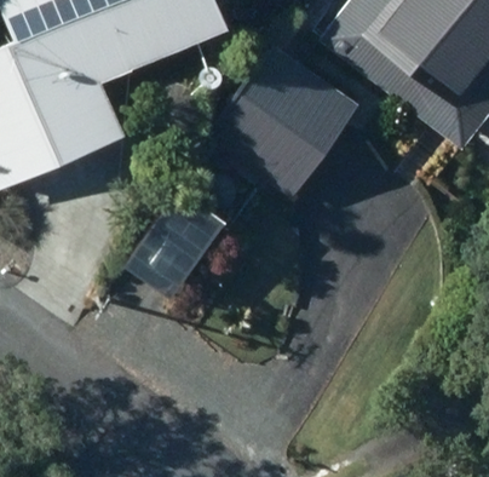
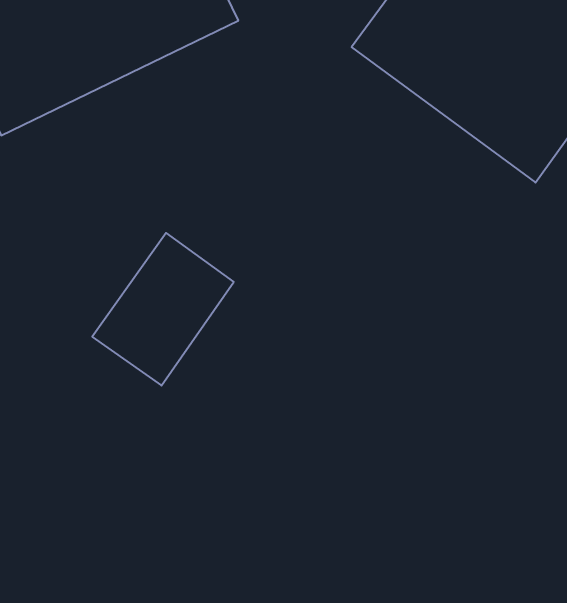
building: [211,48,361,203] -> none

